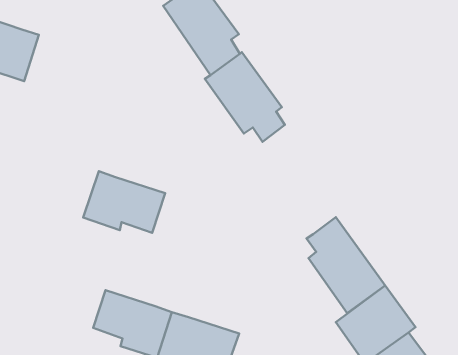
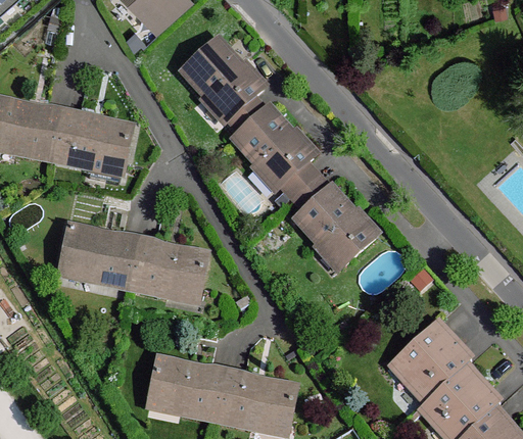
building: none -> [53,111,131,167]
building: none -> [60,227,138,288]
building: [307,217,385,313] -> [291,173,375,266]

